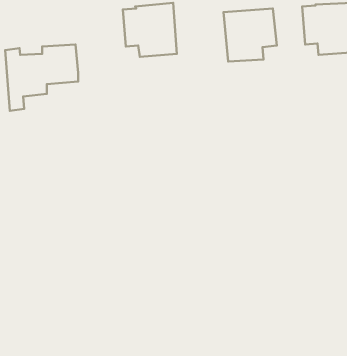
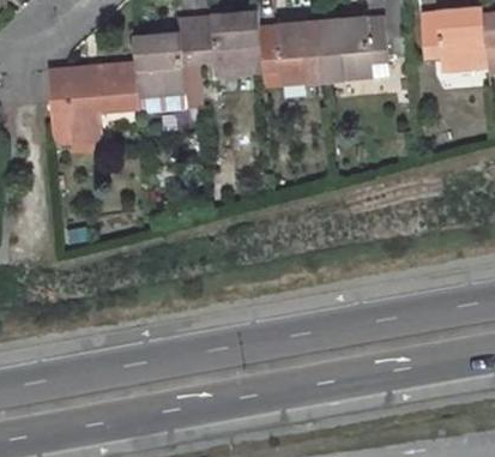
building: none -> [133,17,199,97]
building: none -> [260,20,328,88]

